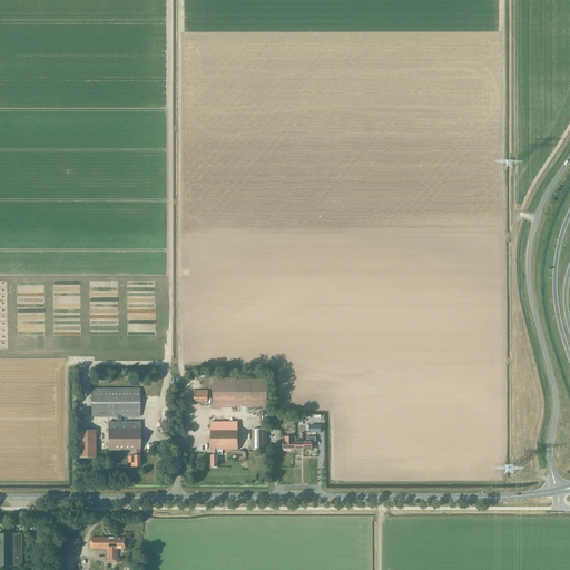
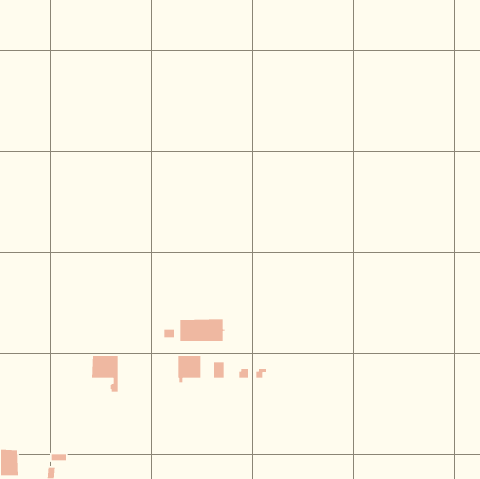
building: [91,387,140,421] -> none
building: [79,430,96,456] -> none
building: [90,537,125,561] -> none

